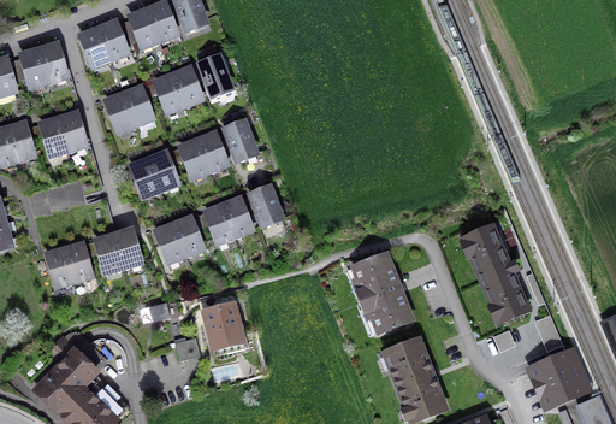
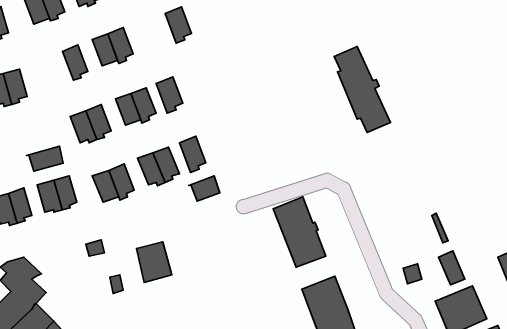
building: [200,57,229,96] -> [165,7,192,43]
building: [106,94,135,129] -> none
building: none -> [26,146,63,171]
building: [466,225,527,319] -> [334,47,390,132]
building: none -> [189,176,220,201]

